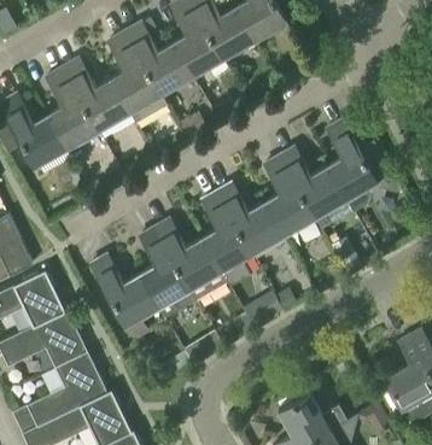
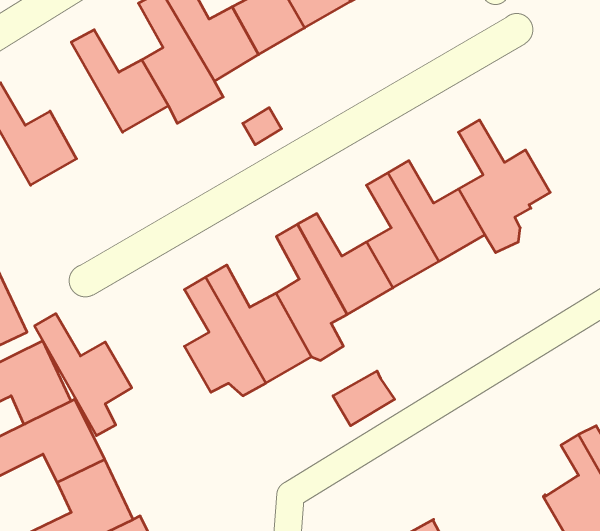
building: [46,68,98,147] -> none
building: [92,256,158,339] -> [35,314,132,436]

